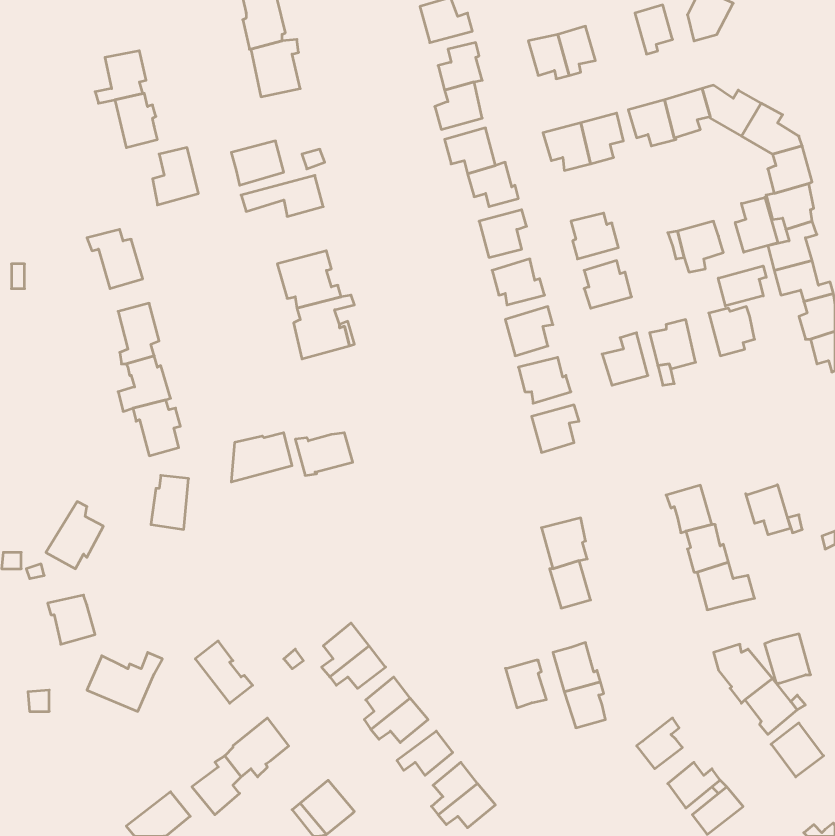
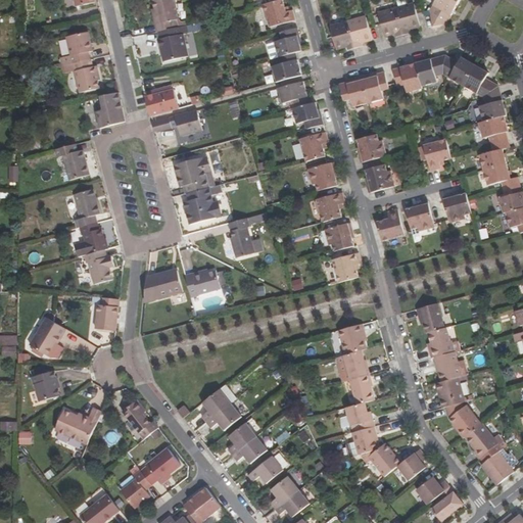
building: none -> [377,8,402,36]
building: [735,197,778,252] -> none
building: [718,266,766,306] -> none
building: none -> [228,218,253,257]
building: [746,485,791,535] -> none
building: [765,634,811,683] -> [435,376,464,407]
building: [505,660,546,708] -> [348,374,374,403]
building: none -> [368,442,400,475]

